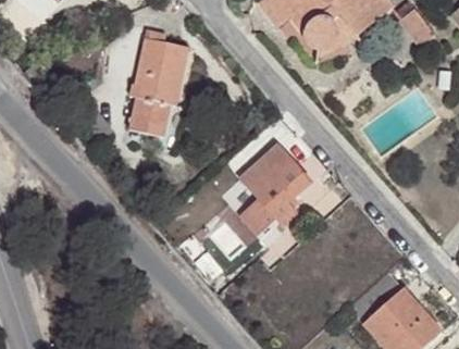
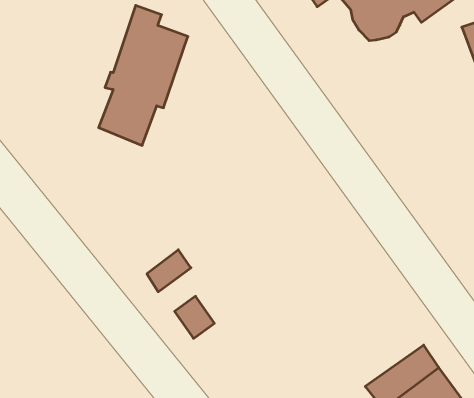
building: [239,146,312,237] -> none

